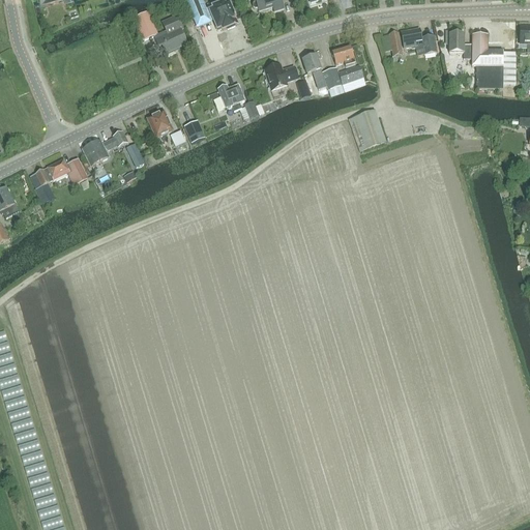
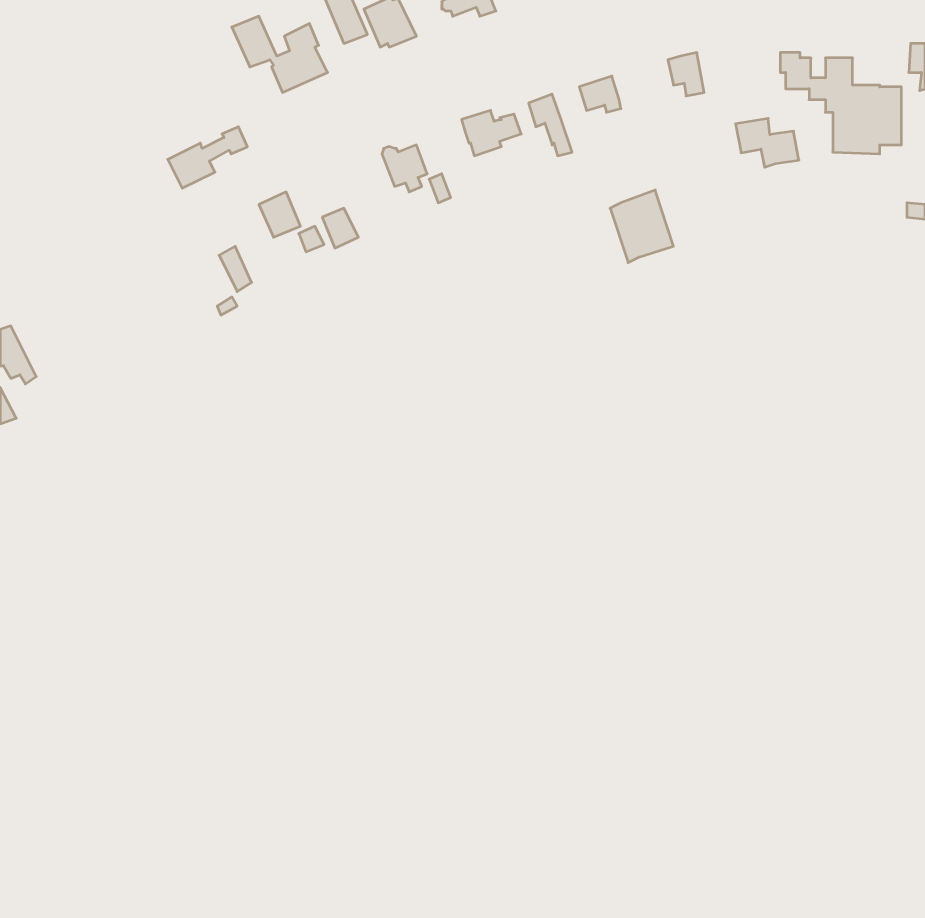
building: [401,27,437,55] -> [736,118,799,167]
building: [322,63,366,97] -> none
building: [82,129,127,165] -> [168,127,247,188]
building: [30,156,87,203] -> none

